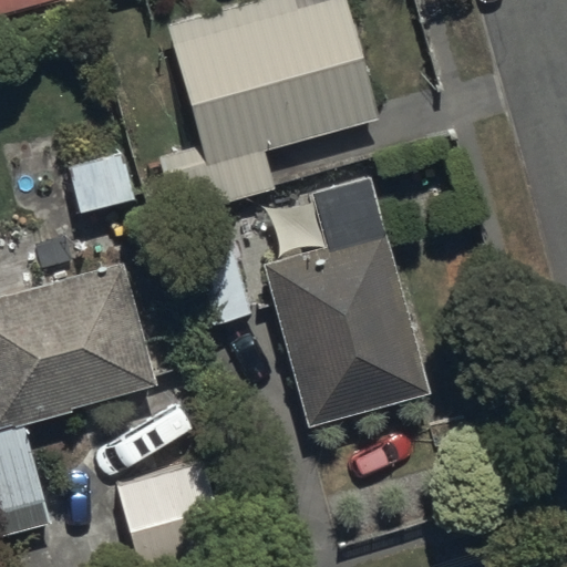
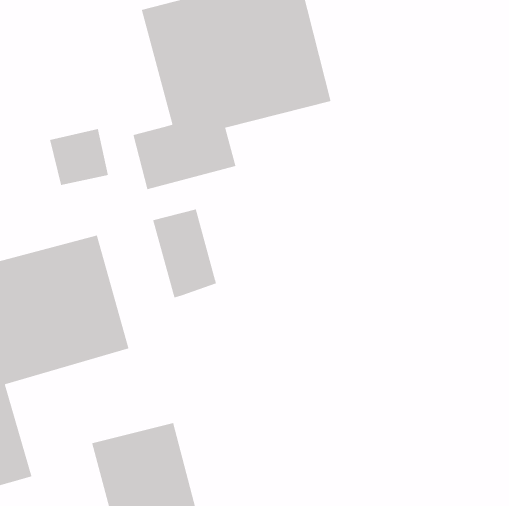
building: [262,183,426,423] -> none

